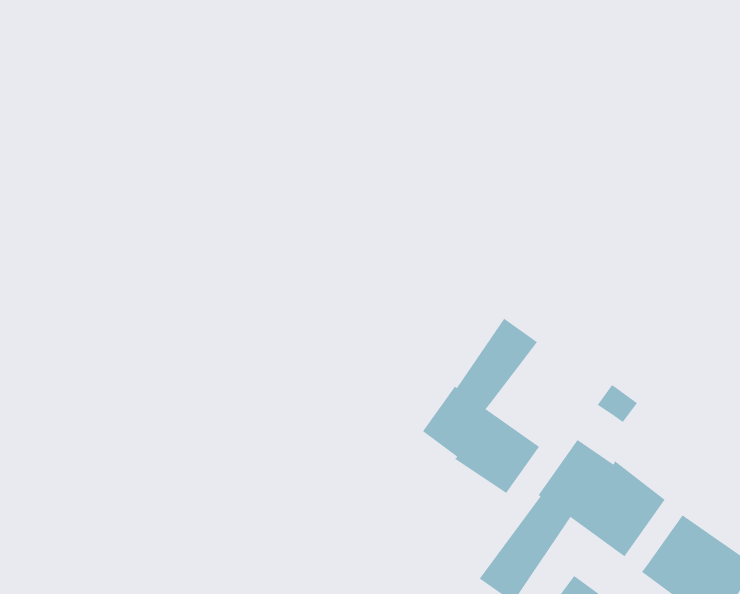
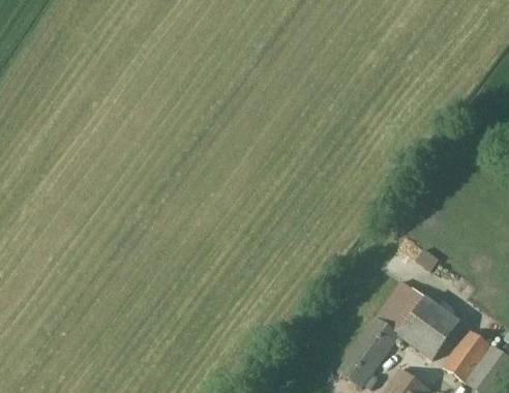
building: [422,318,540,494] -> none

